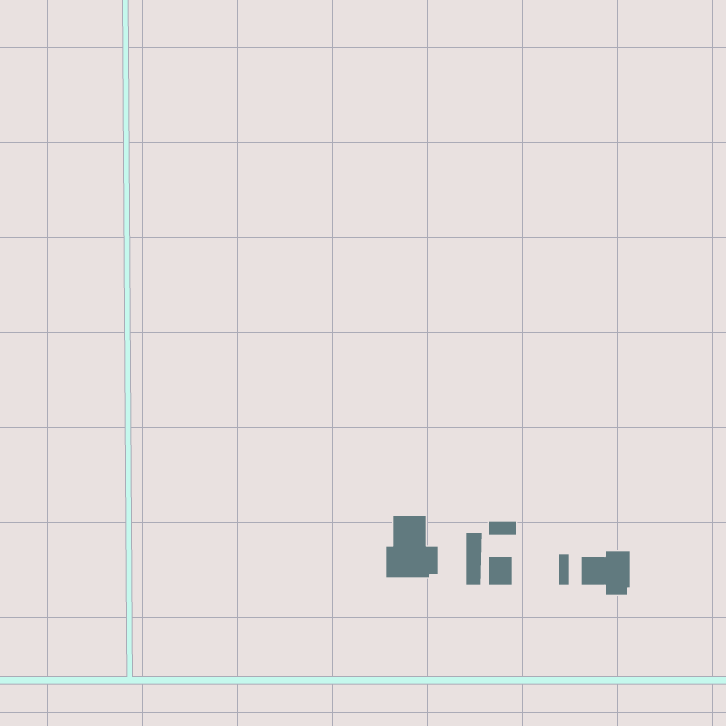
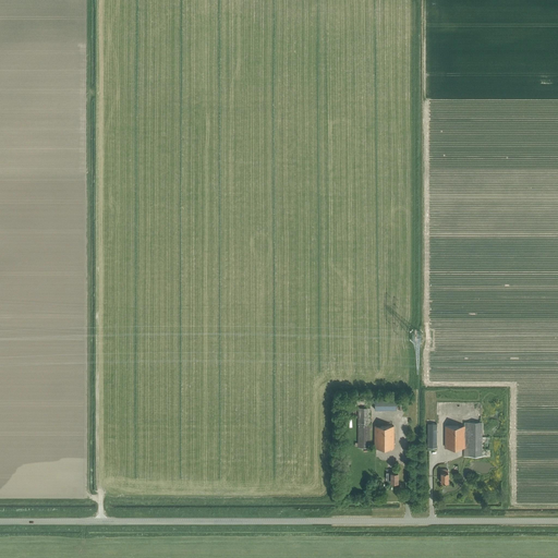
building: [386,515,438,578] -> none

